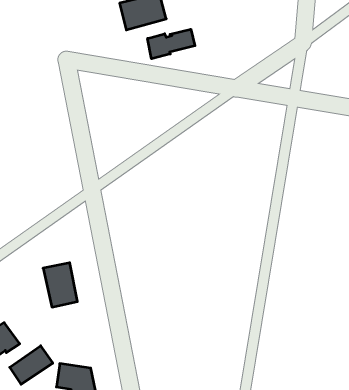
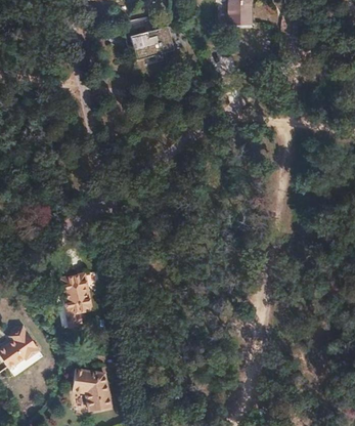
building: [148,29,195,59] -> none
building: [10,346,53,384] -> none

